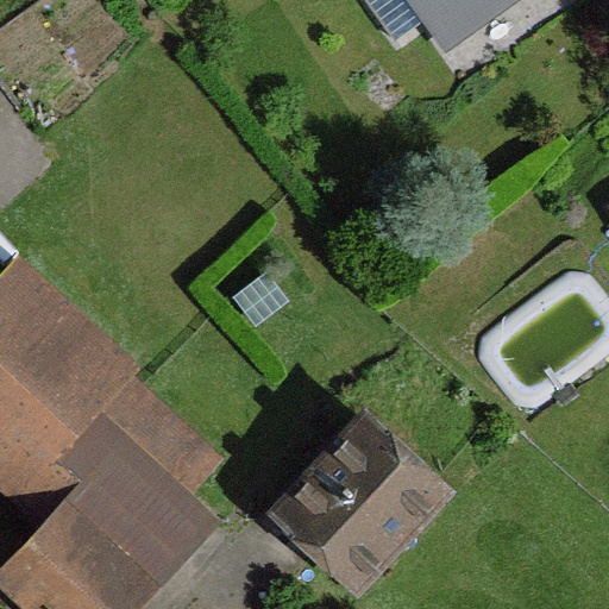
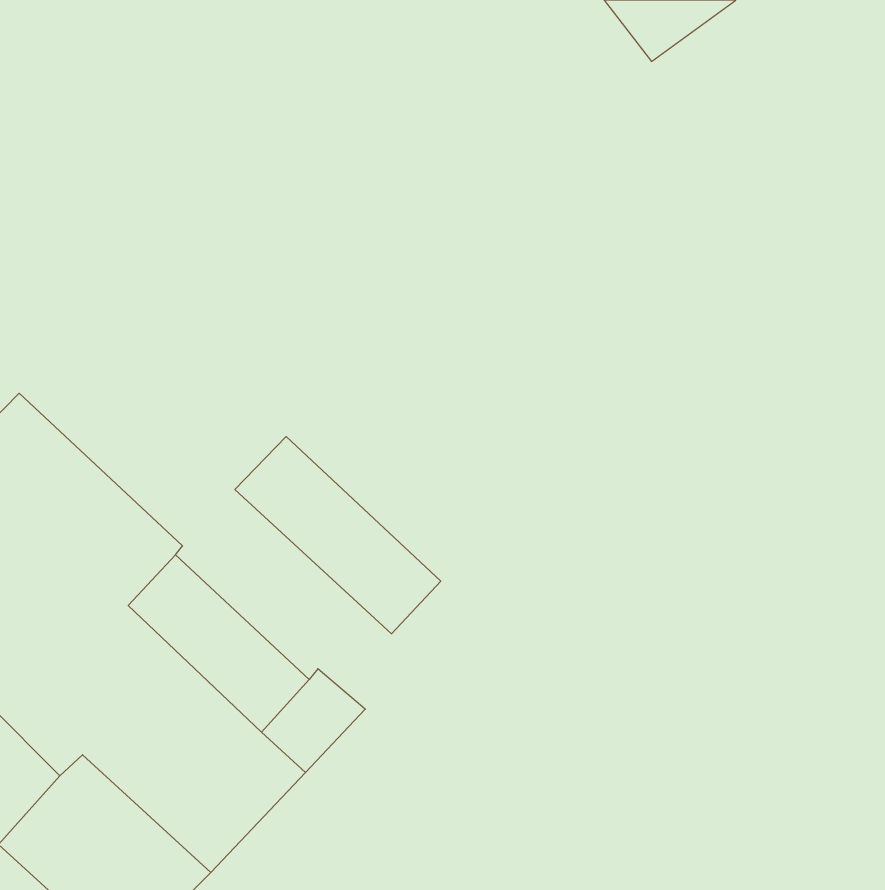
building: none -> [235,437,441,634]
building: [280,428,435,584] -> none

